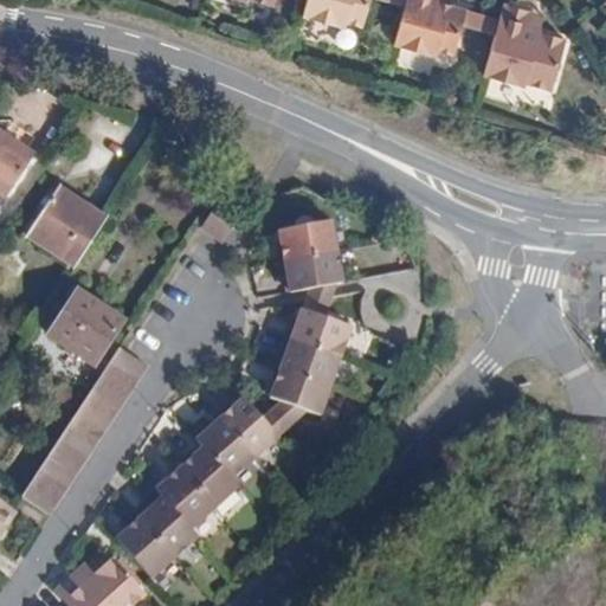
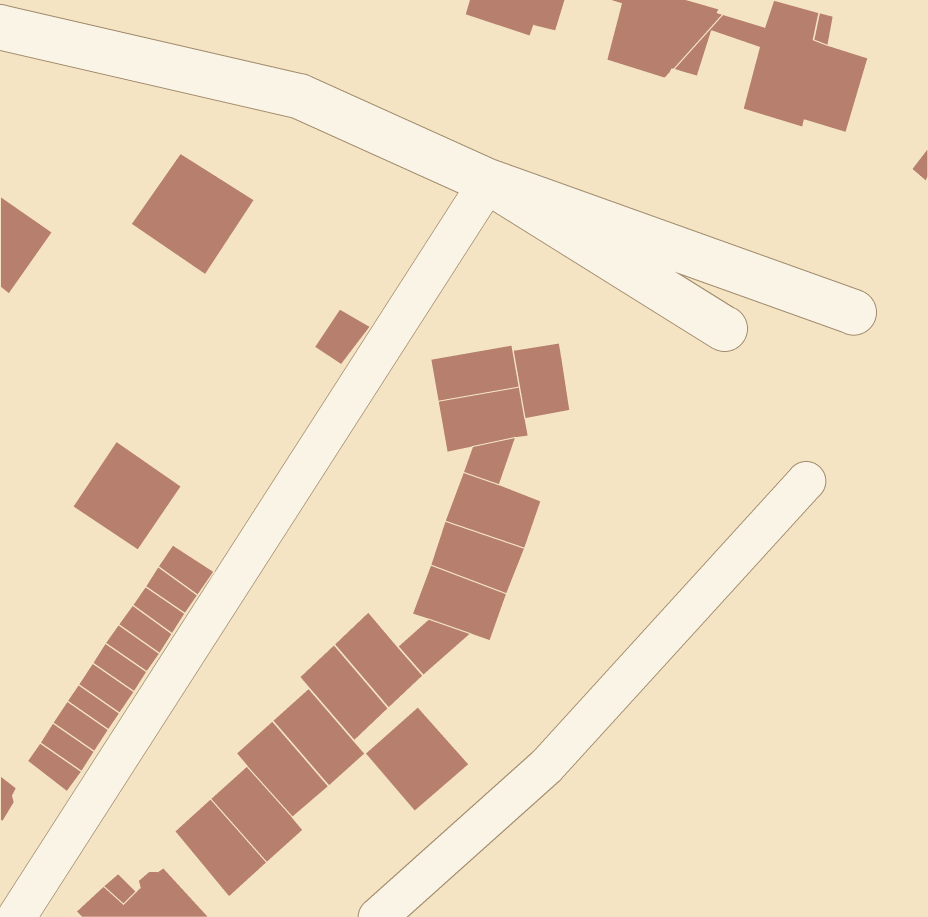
building: [27,185,108,264] -> [131,153,254,275]
building: none -> [513,343,570,419]
building: none -> [365,707,469,811]

